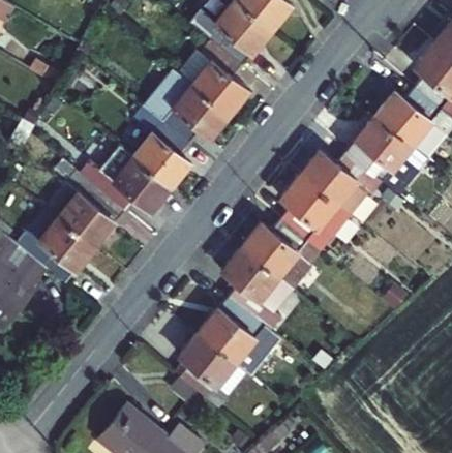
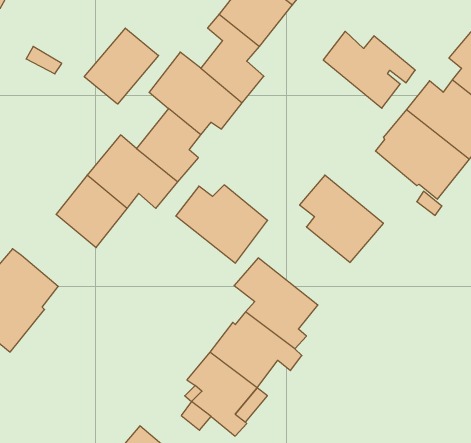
building: none -> [84,28,159,104]
building: [298,151,381,220] -> [323,31,415,108]
building: [25,212,92,279] -> none
building: [238,223,321,294] -> [176,185,268,263]

